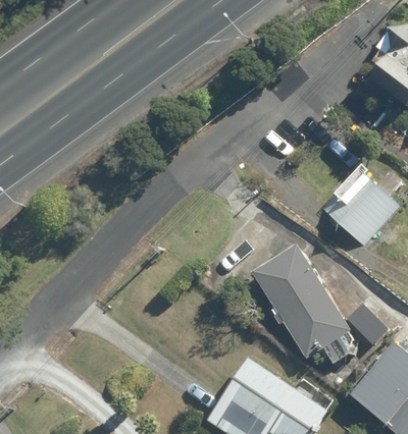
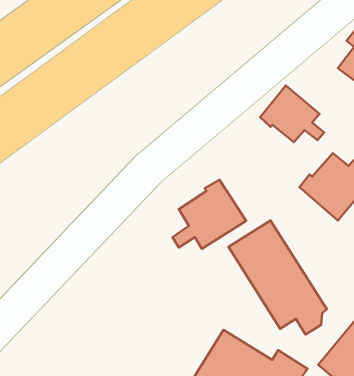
building: none -> [260,86,324,142]
building: none -> [173,180,246,249]

